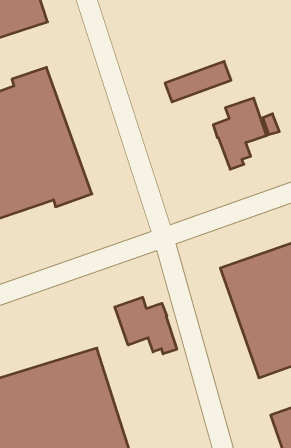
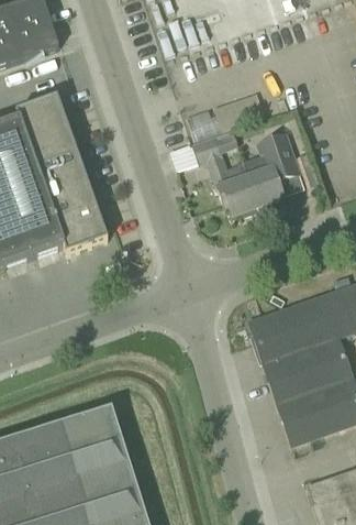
building: none -> [171,130,258,215]
building: [115,297,177,354] -> none

